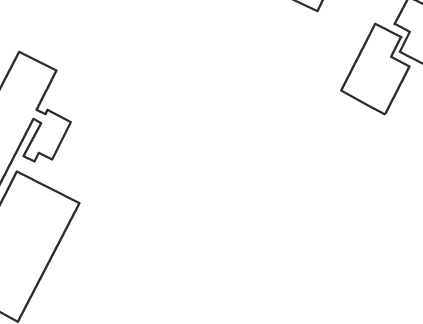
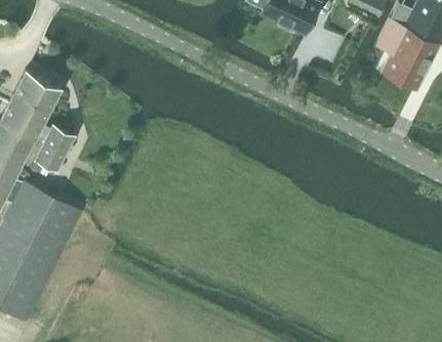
building: [341,24,409,114] -> none

